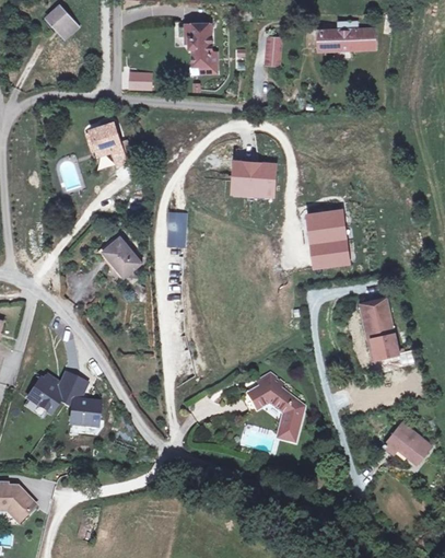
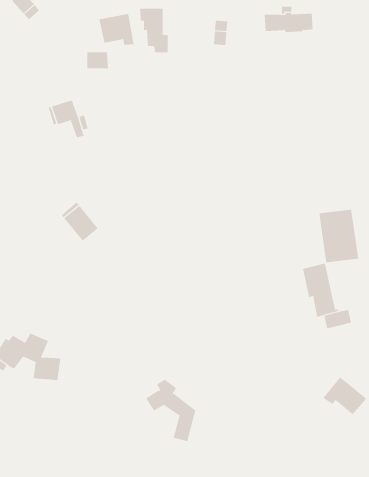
building: none -> [99,13,134,46]
building: [232,162,274,195] -> none
building: [306,210,350,268] -> [318,209,359,263]
building: [165,211,187,247] -> none
building: [248,372,303,440] -> [145,379,196,442]

